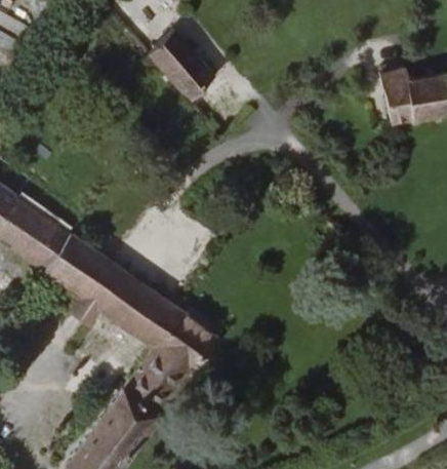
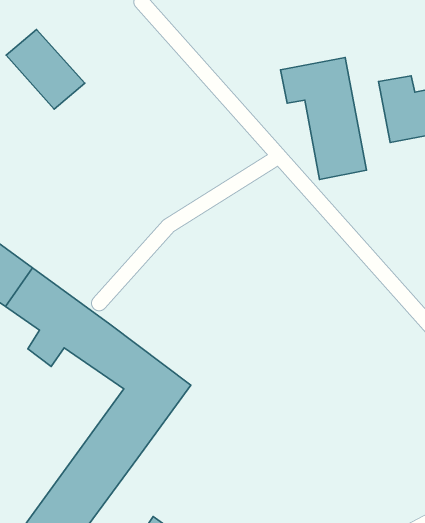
building: [149,34,217,104] -> [6,29,85,109]
building: none -> [280,58,367,179]

